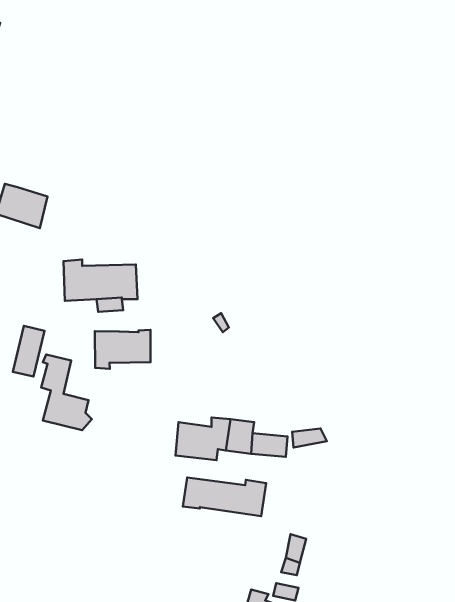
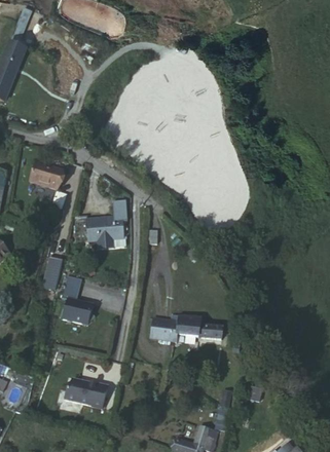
building: [95,330,150,369] -> none
building: [183,477,266,516] -> none
building: none -> [62,377,104,408]

